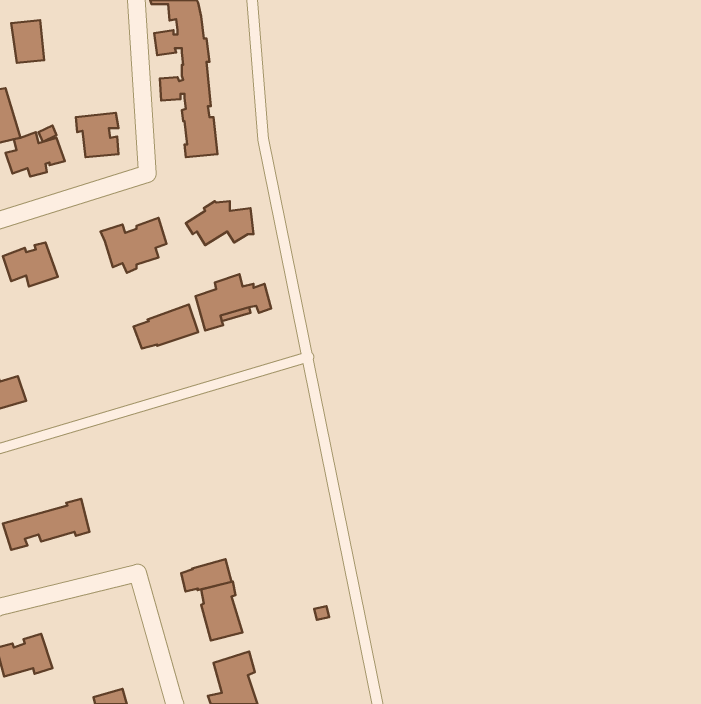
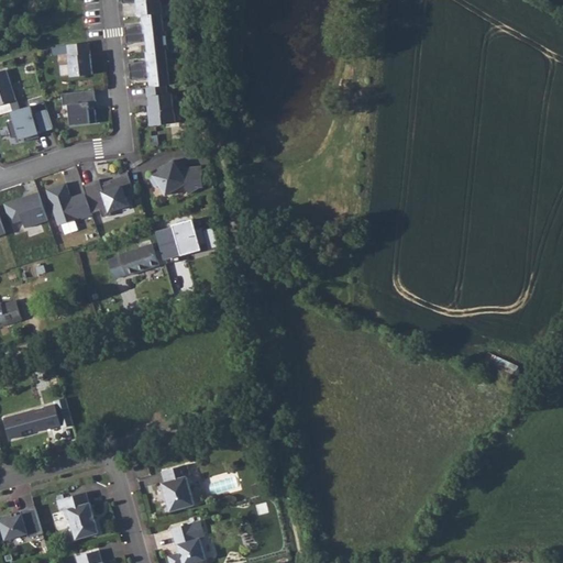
building: [11,20,44,63] -> [65,43,91,77]
building: none -> [44,183,91,225]
building: [181,559,231,592] -> none
building: none -> [55,492,97,539]

